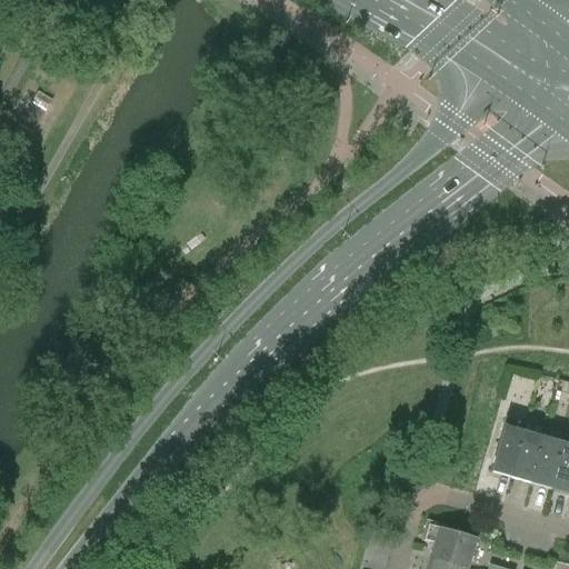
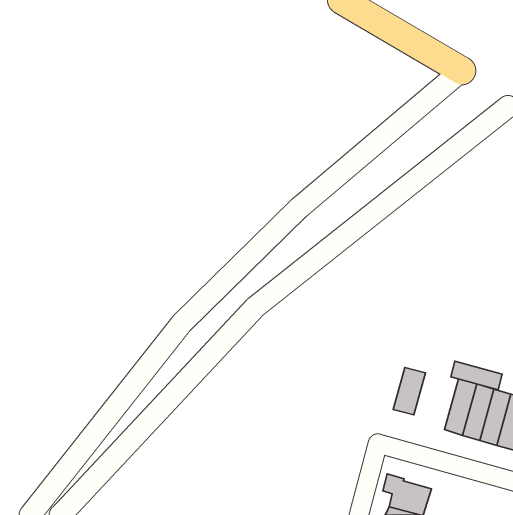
building: none -> [451,361,502,390]
building: none -> [393,367,426,415]

